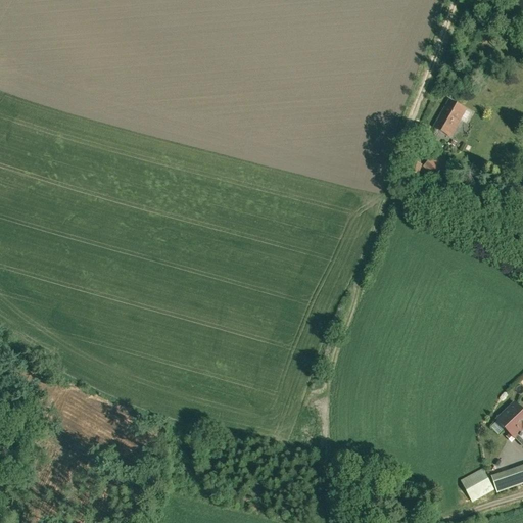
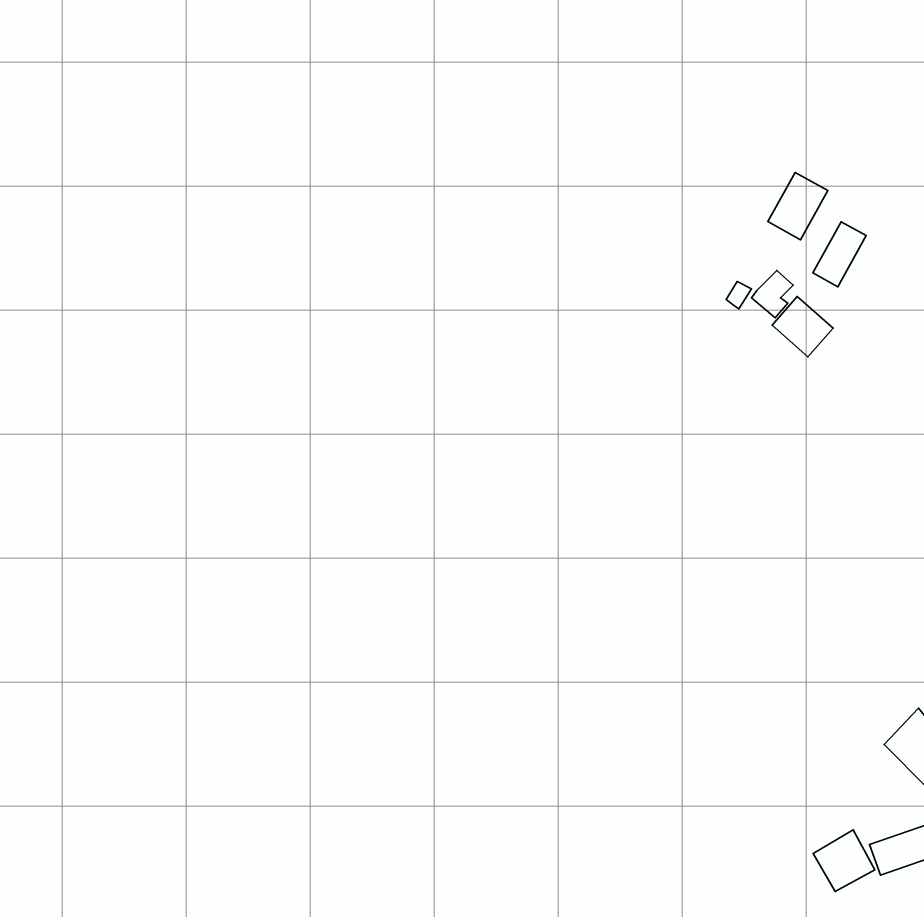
building: none -> [813,222,866,287]
building: none -> [772,297,833,357]

